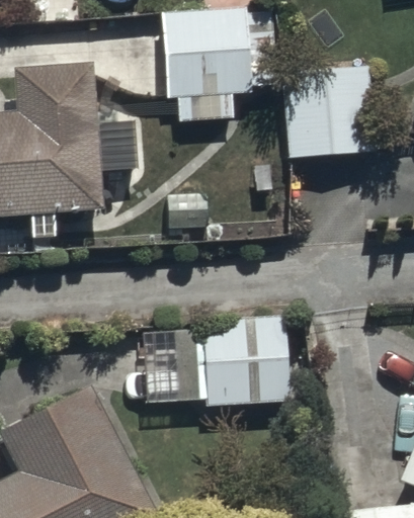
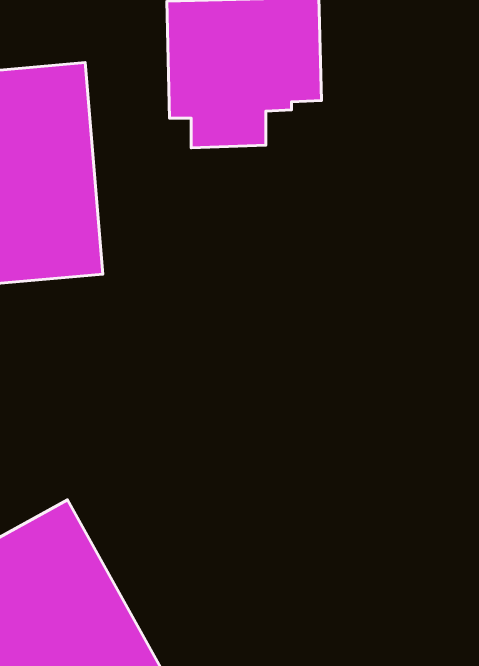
building: [278,63,374,161] -> none
building: [140,315,288,406] -> none

